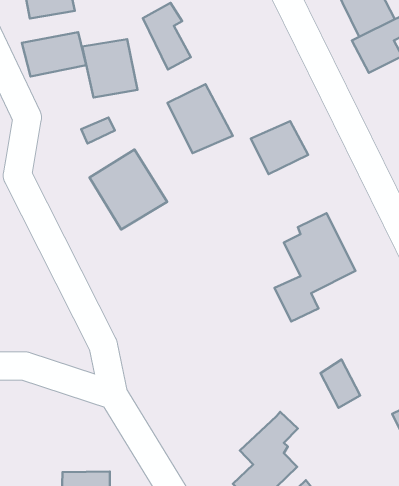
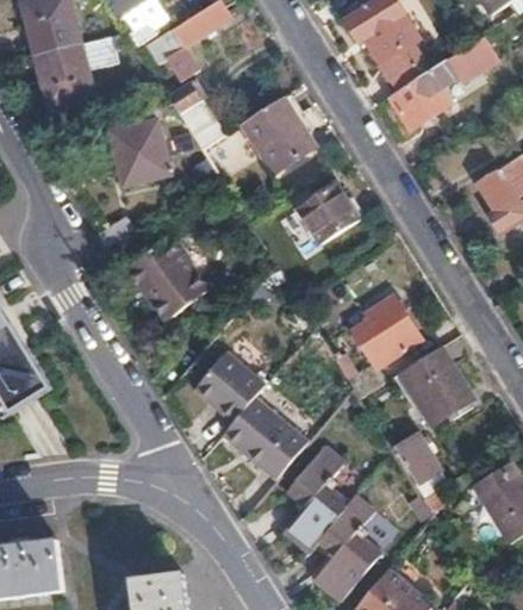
building: [22,32,86,76] -> none
building: [167,84,233,153] -> [241,97,313,170]
building: none -> [195,348,315,483]
building: none -> [401,351,466,418]
building: none -> [288,442,354,547]

